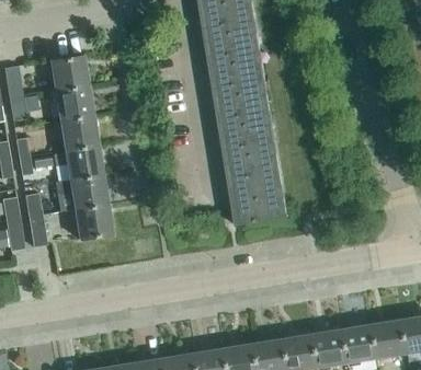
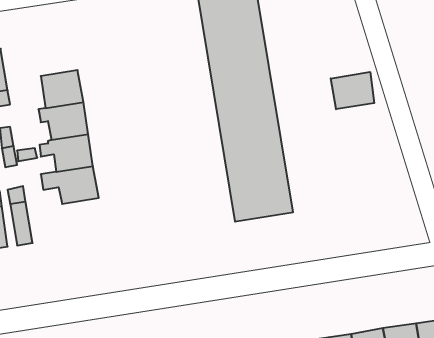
building: [49,55,89,91] -> none
building: none -> [331,72,374,109]
building: [75,204,113,240] -> none

